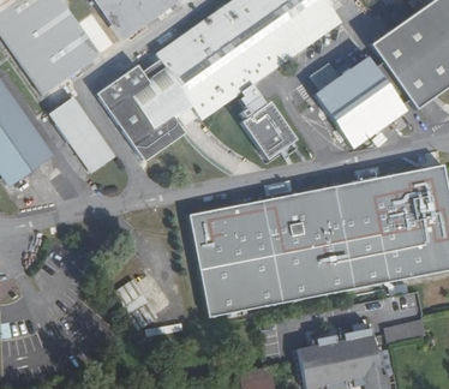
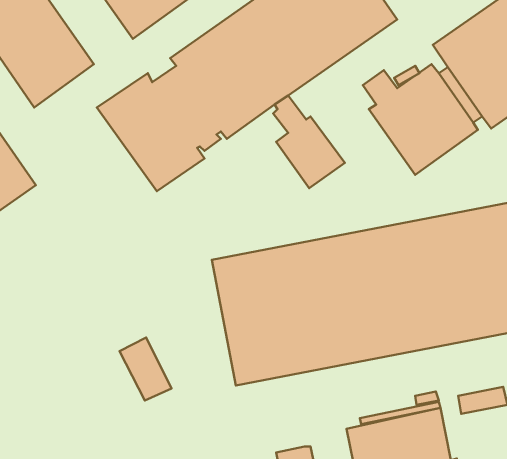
building: [48,96,116,173] -> none

